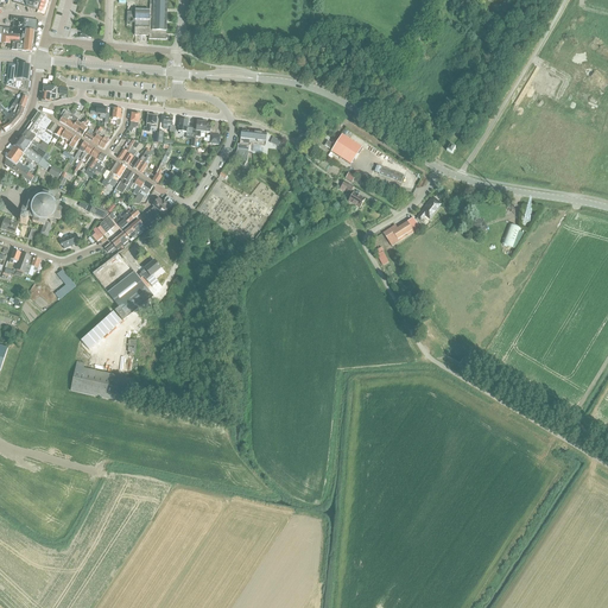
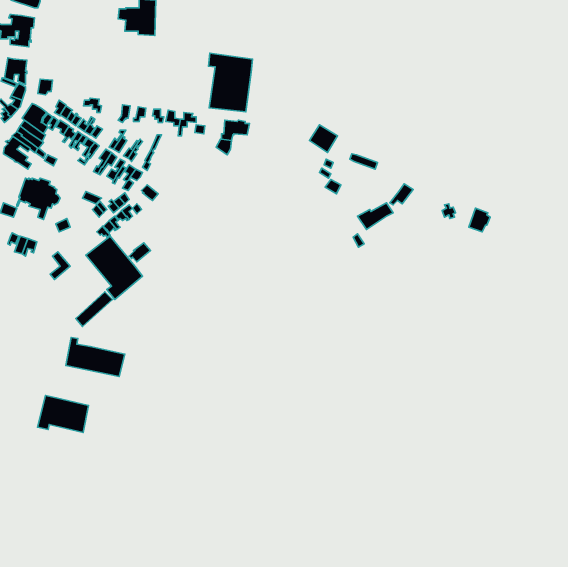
building: none -> [208,53,253,112]
building: none -> [38,396,89,433]

